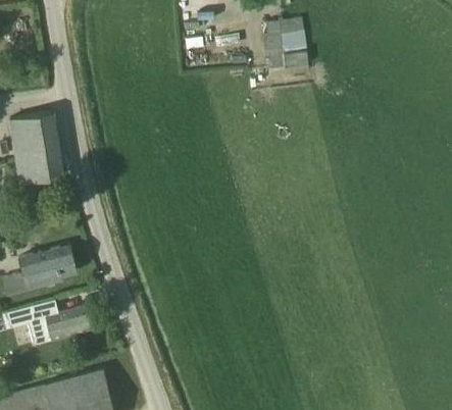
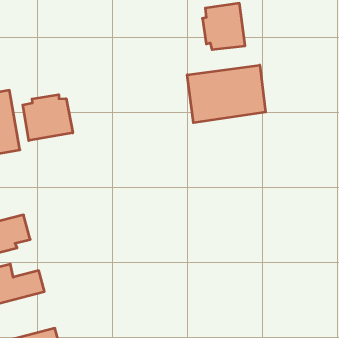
building: none -> [187,65,266,123]
building: none -> [23,95,73,141]

